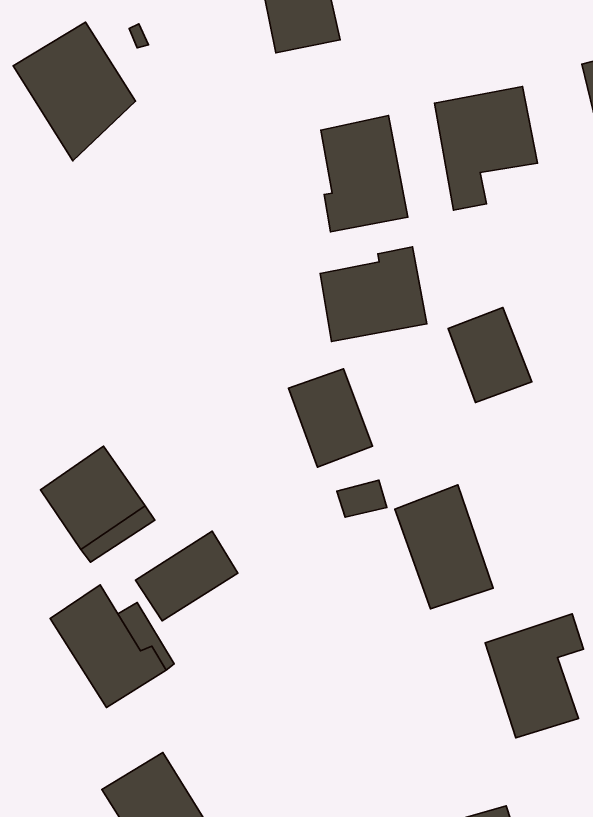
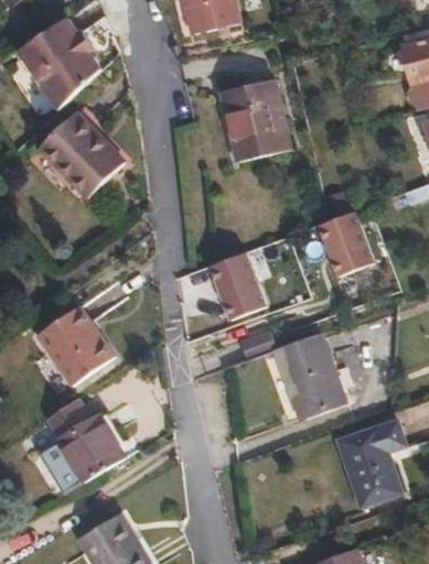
building: [434,87,538,210] -> none
building: none -> [39,104,122,196]
building: [320,247,427,342] -> none
building: [135,531,238,621] -> none

